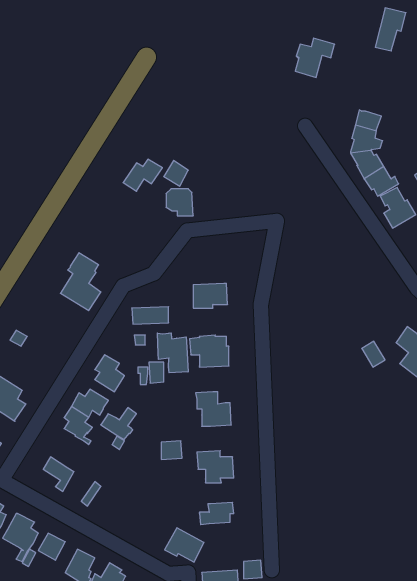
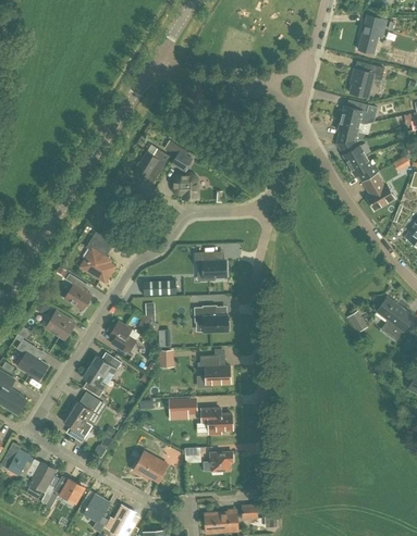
building: [295,38,335,77] -> [349,63,384,98]
building: none -> [64,274,91,310]
building: [157,333,188,373] -> none
building: none -> [46,311,75,339]
building: [101,408,136,440] -> [71,397,102,425]
building: [165,528,204,562] -> [133,451,168,482]

